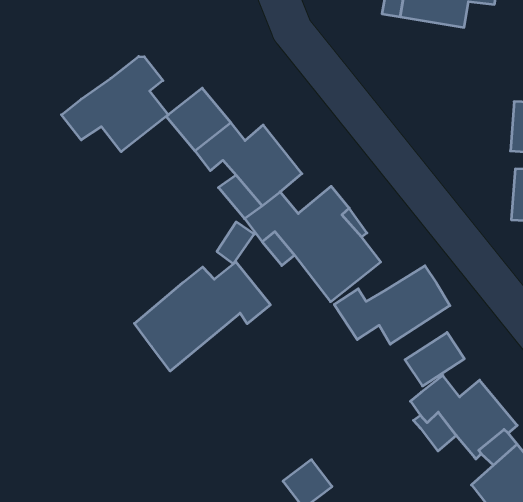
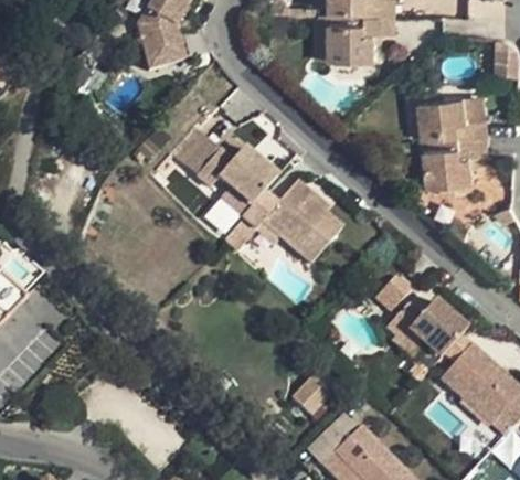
building: [61,56,168,152] -> none
building: [134,262,270,371] -> none
building: [334,266,450,344] -> none

